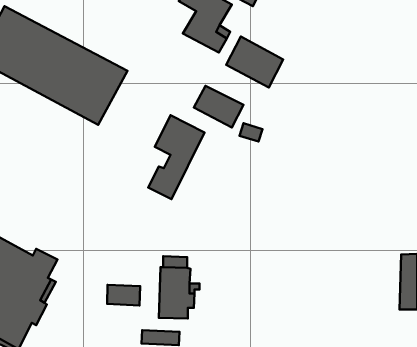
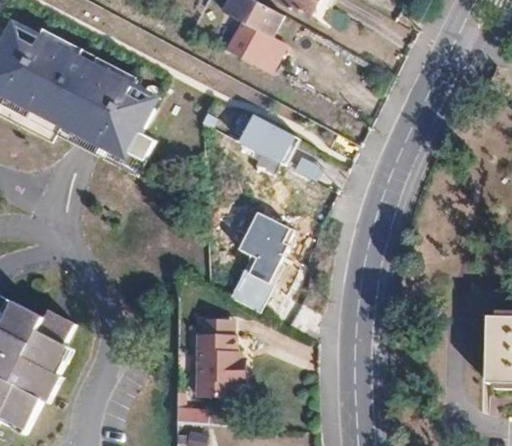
building: [226,36,283,87] -> none
building: [148,115,205,199] -> [230,209,298,310]
building: [107,285,140,305] -> none

